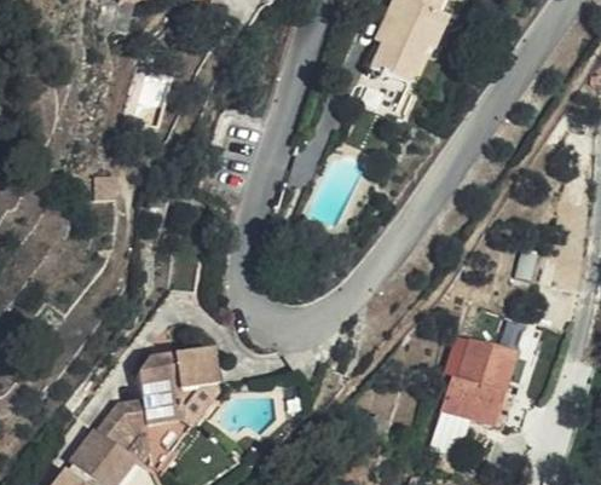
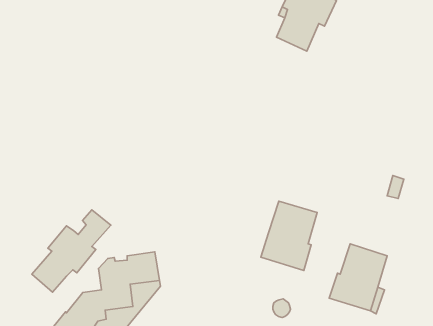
building: none -> [261,201,317,271]
building: none -> [32,210,111,292]

